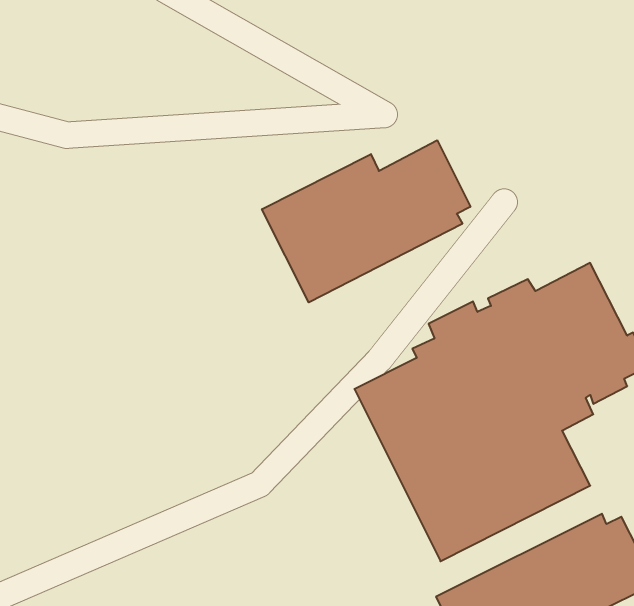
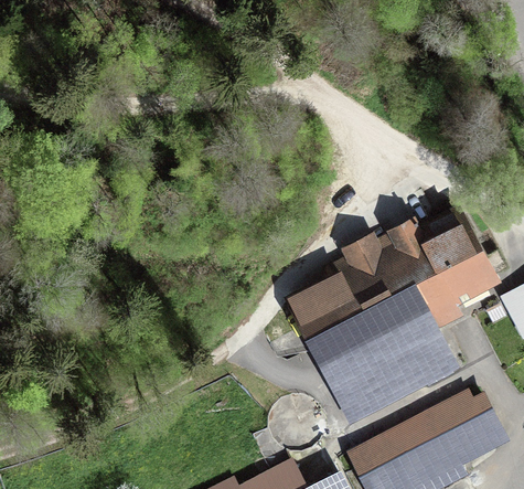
building: [262,140,470,302] -> none

